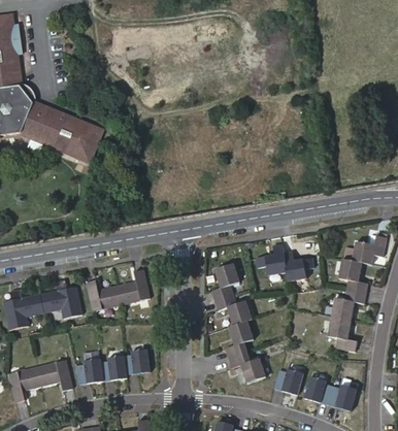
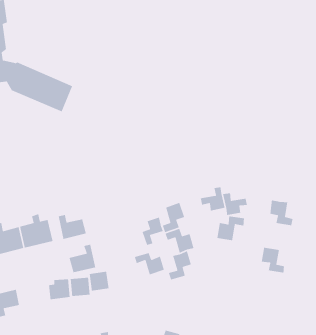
building: [353,239,387,266] -> none
building: [117,268,150,303] -> [69,244,96,273]
building: none -> [142,216,164,246]
building: [333,291,367,322] -> [217,215,245,241]
building: [222,354,259,382] -> [134,252,165,275]
building: [37,363,73,392] -> none
building: [275,367,302,393] -> none
building: [303,377,356,407] -> none

